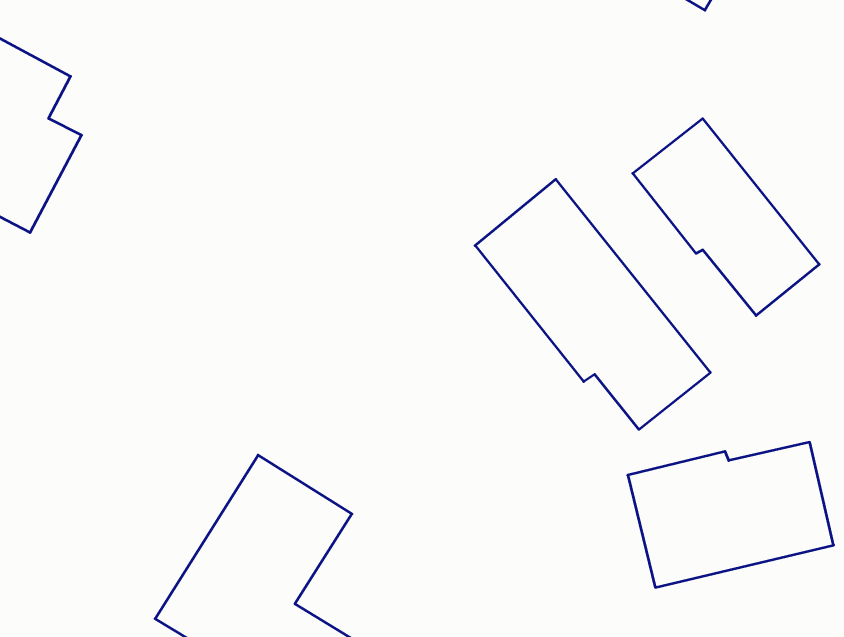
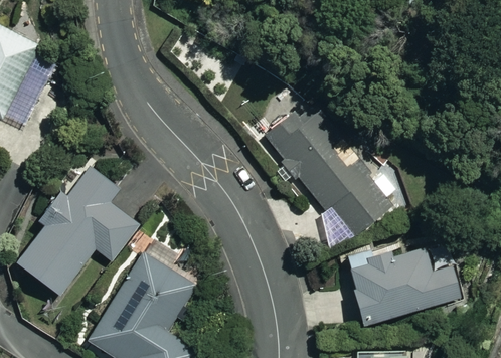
building: [633,119,819,316] -> none
building: none -> [17,167,138,294]

